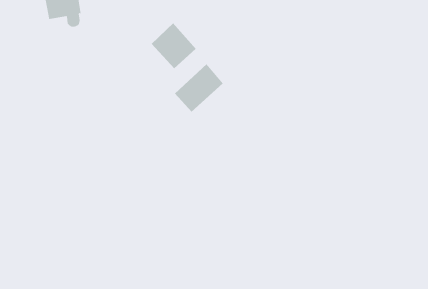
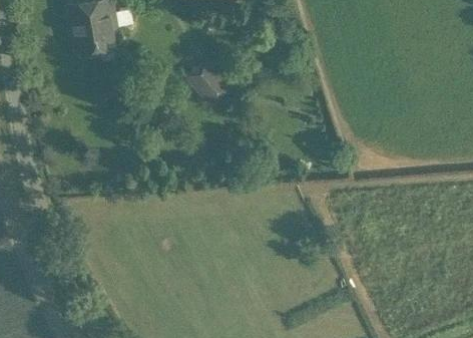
building: [174,63,224,112] -> none

